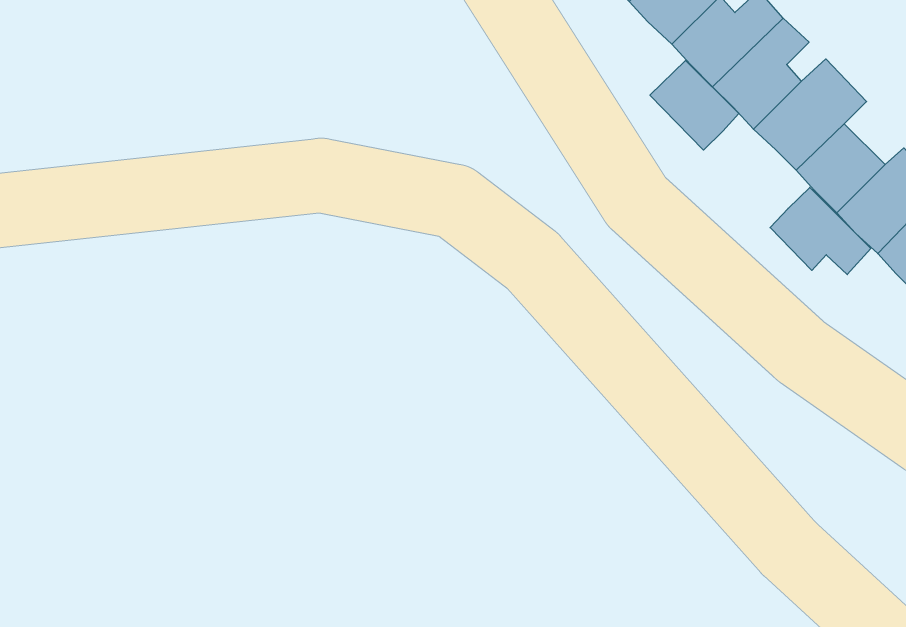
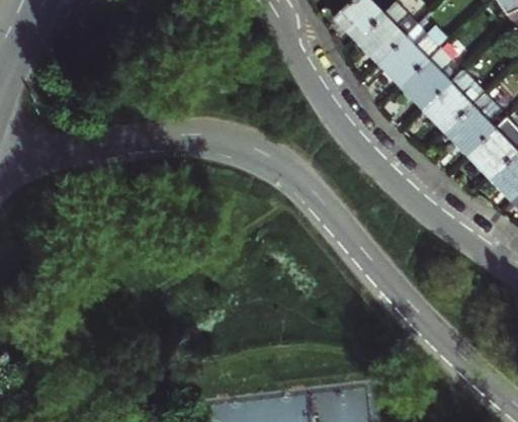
building: [650,60,739,150] -> none
building: [770,187,871,275] -> none

